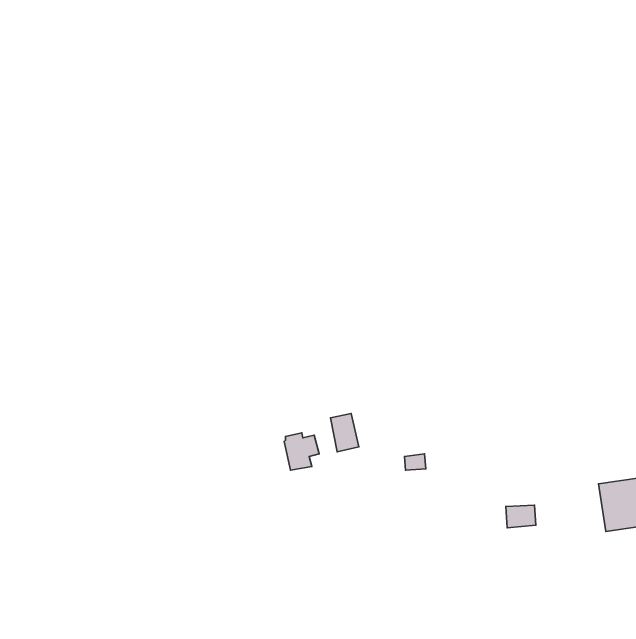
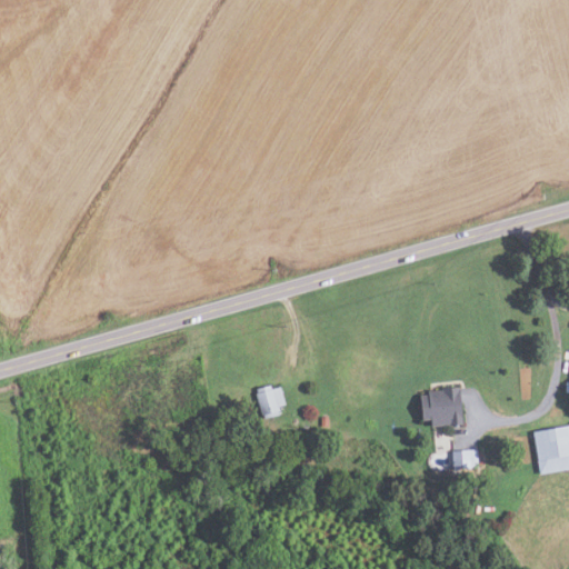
building: [331,413,359,452] -> none
building: none -> [419,388,463,426]

